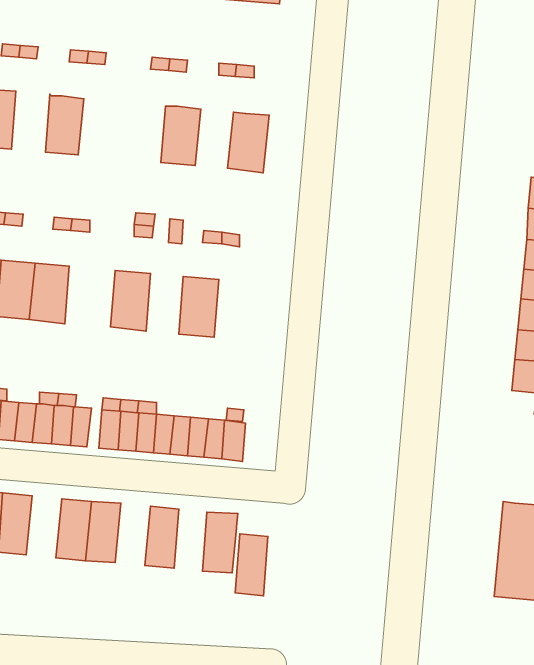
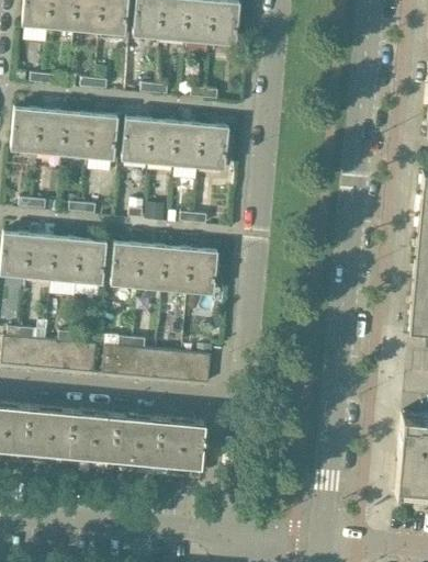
building: none -> [38,111,67,156]
building: none -> [88,116,119,160]
building: none -> [123,119,153,164]
building: none -> [174,124,203,168]
building: none -> [78,240,108,285]
building: none -> [138,246,166,291]
building: none -> [189,250,218,295]
building: none -> [49,411,76,457]
building: none -> [115,416,142,462]
building: [235,534,268,596] -> [159,420,183,467]

